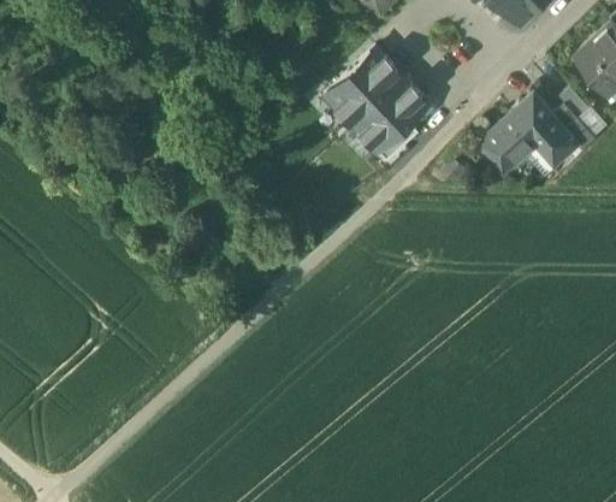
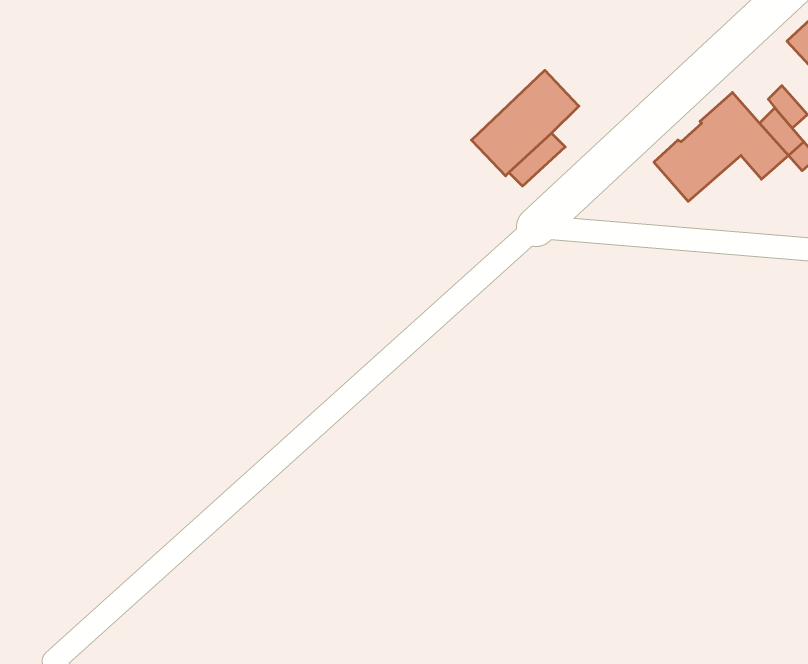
building: [322,51,402,129] -> none

